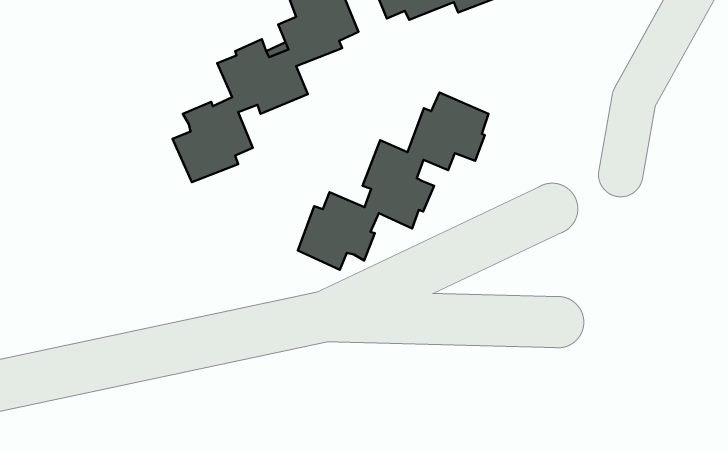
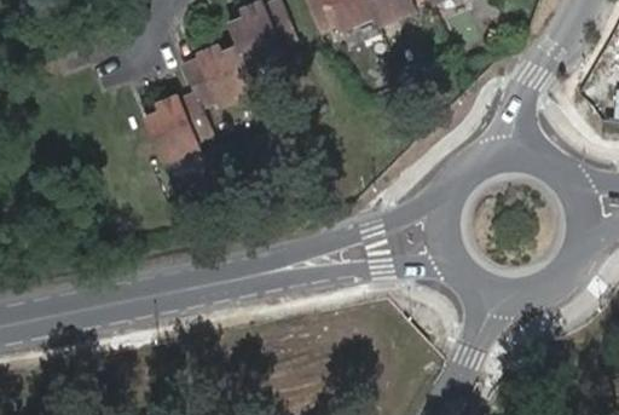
building: [298,93,489,270] -> none

